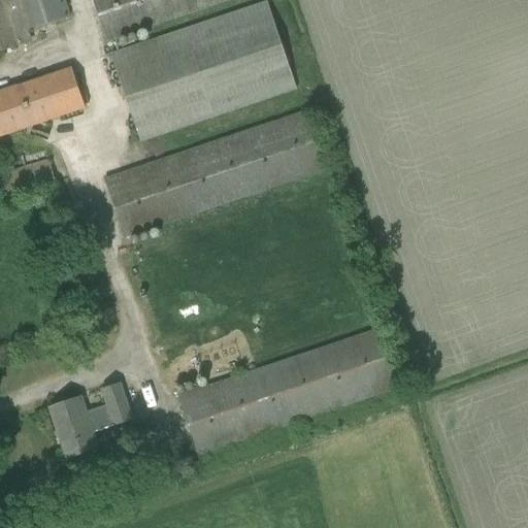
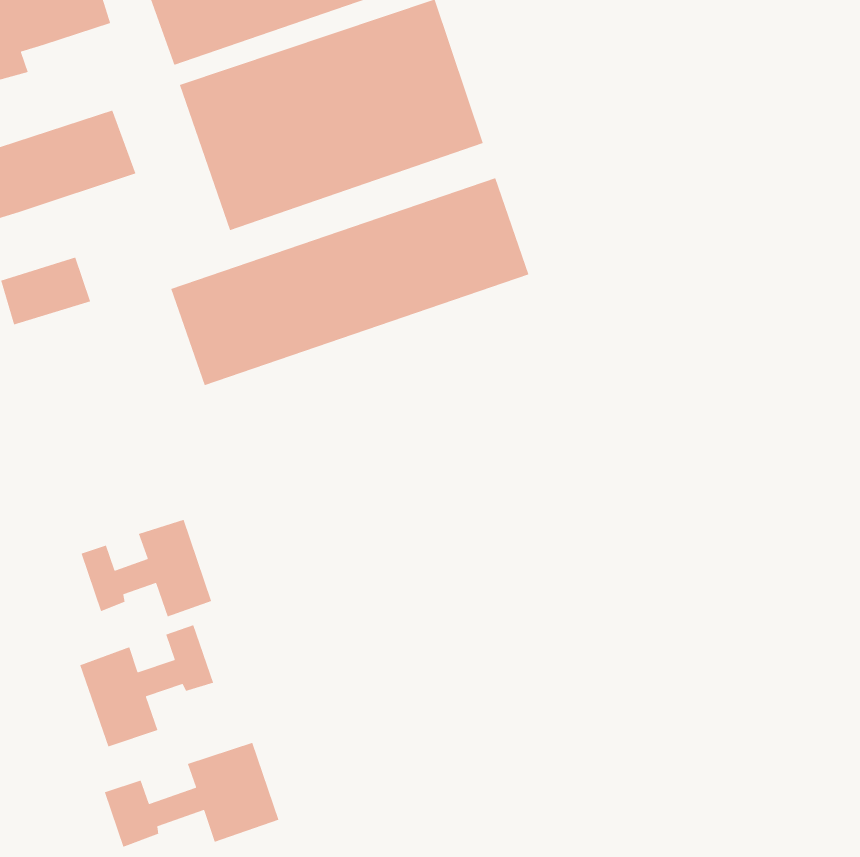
building: none -> [80,519,212,618]
building: [177,327,397,454] -> none
building: none -> [104,742,279,848]

